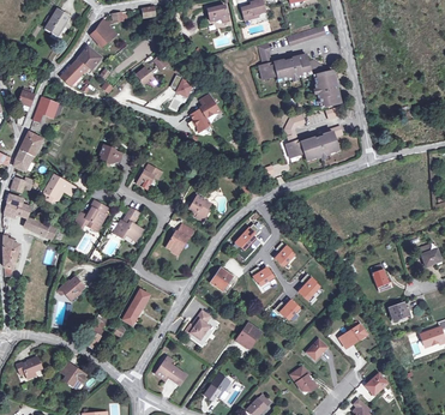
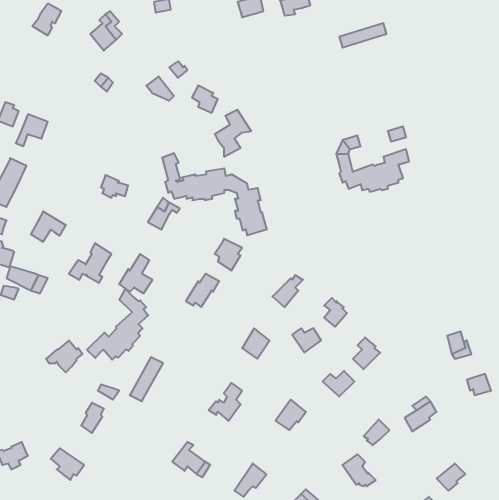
building: [258,42,341,107] -> [162,153,267,235]
building: [61,47,102,85] -> none
building: none -> [87,289,148,360]

